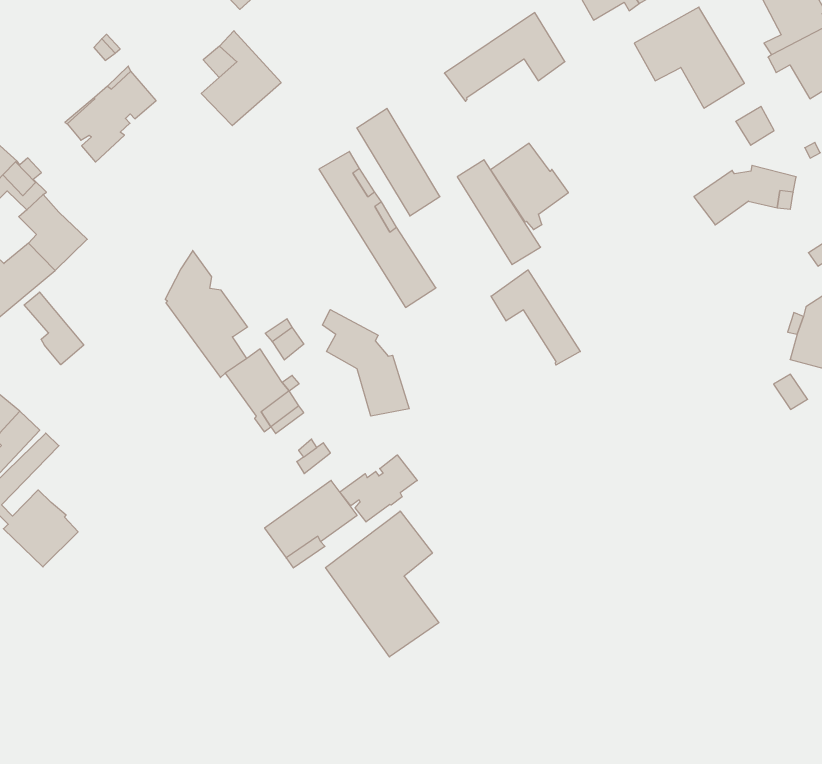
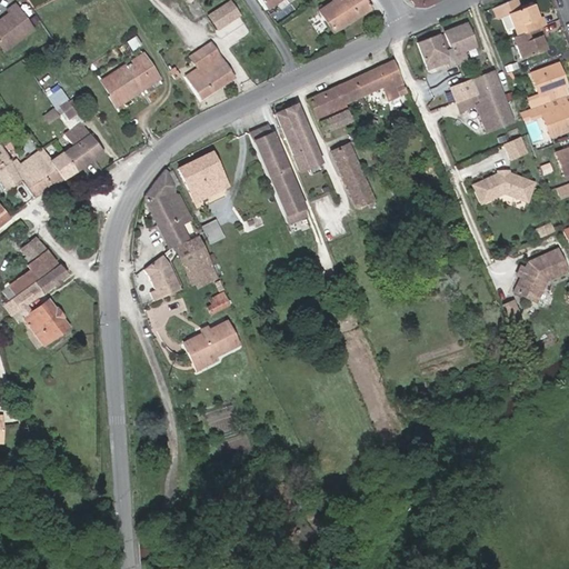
building: [491,143,568,230] -> [309,87,353,139]
building: none -> [179,151,230,202]
building: [491,270,580,365] -> none
building: [24,292,84,365] -> none
building: [323,310,409,416] -> none
building: none -> [144,254,181,301]
building: [340,455,417,522] -> none
building: [326,511,439,657] -> none

